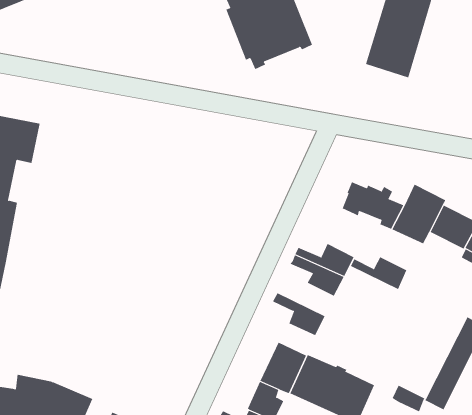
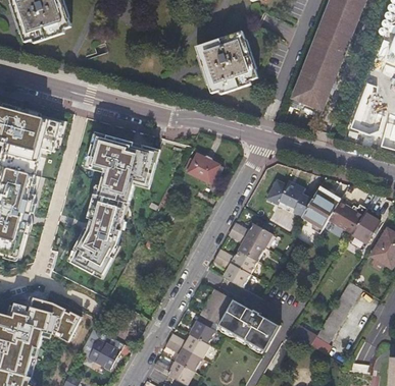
building: none -> [70,134,159,275]
building: none -> [187,153,218,182]
building: [350,256,407,290] -> [216,249,256,273]

